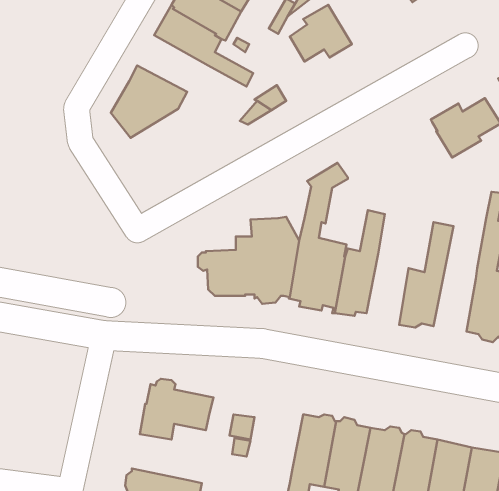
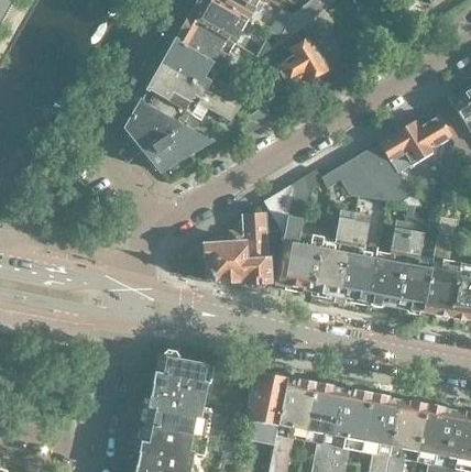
building: none -> [149,63,240,120]
building: none -> [143,124,211,171]
building: none -> [321,142,418,202]
building: none -> [264,185,294,234]
building: none -> [396,207,432,314]
building: none -> [340,212,377,305]
building: none -> [248,373,287,437]
building: none -> [143,387,206,437]

